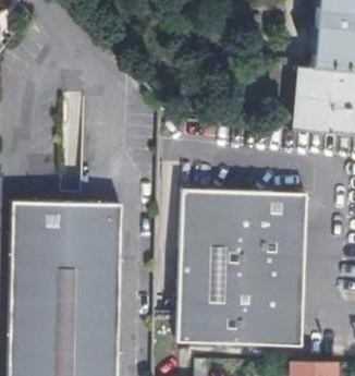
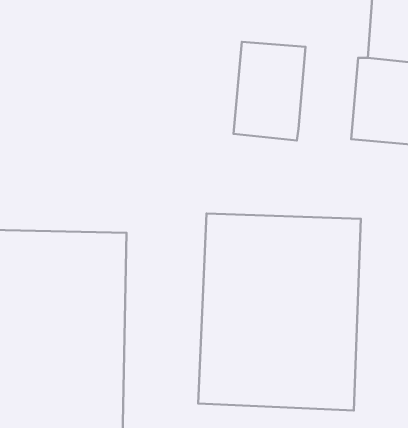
building: none -> [233,42,306,141]

